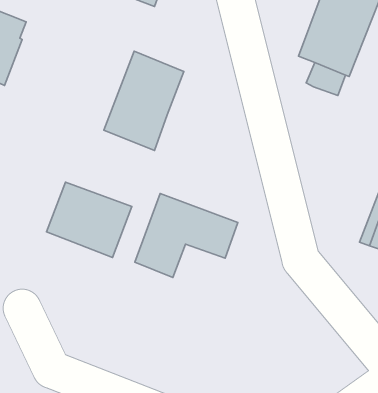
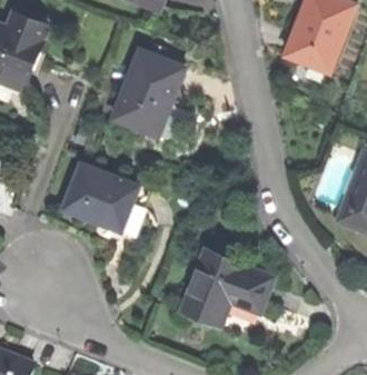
building: [135,193,238,277] -> [183,249,274,323]

